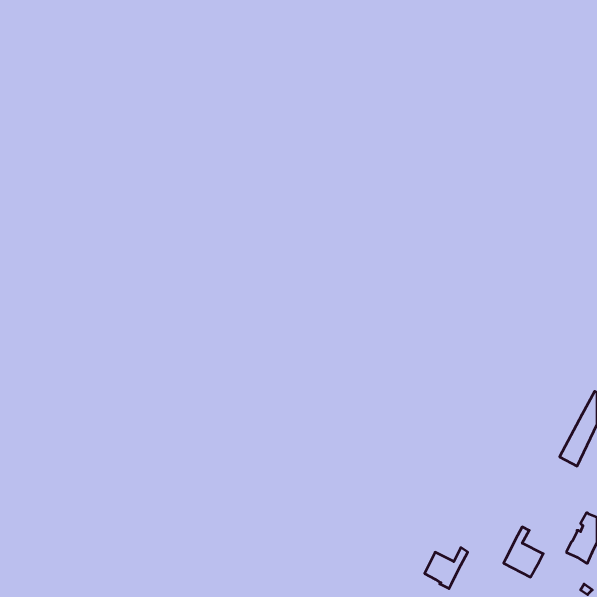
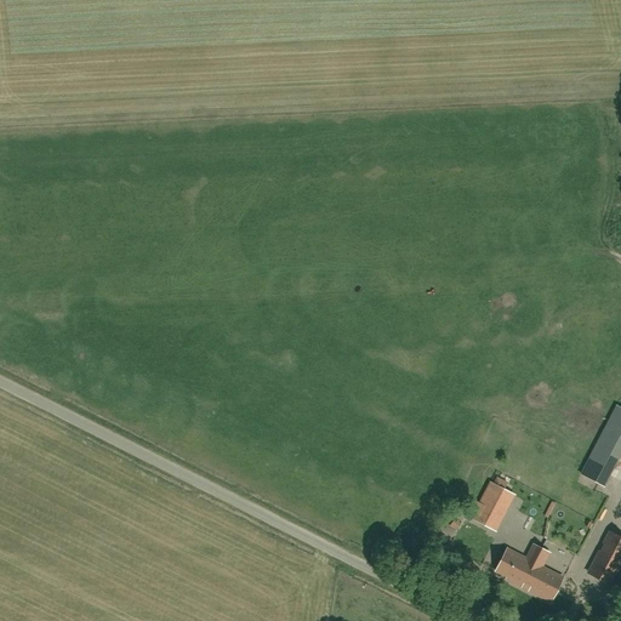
building: none -> [472,482,508,528]
building: [425,548,468,589] -> [497,542,542,585]

